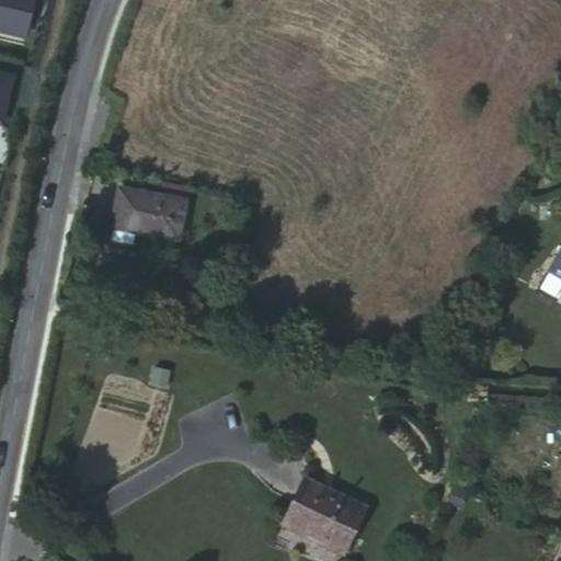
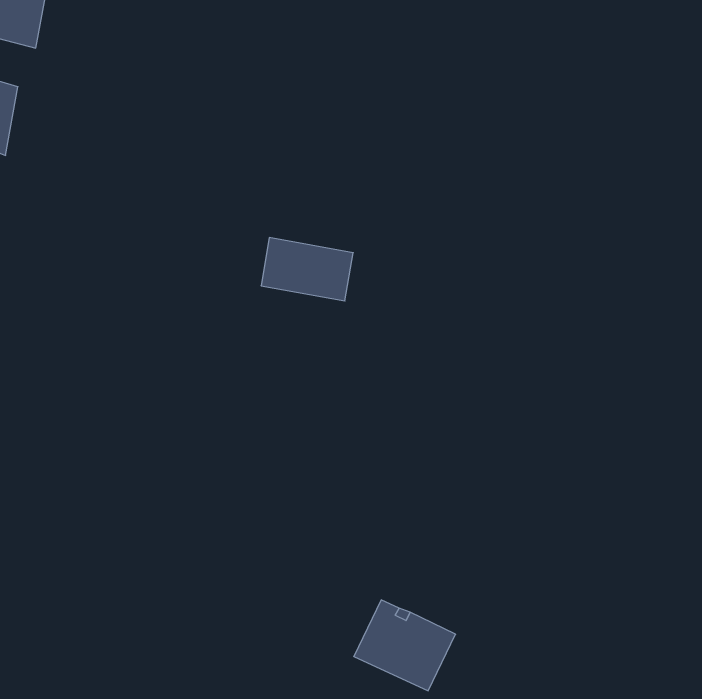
building: [110,186,183,237] -> [261,238,353,301]

